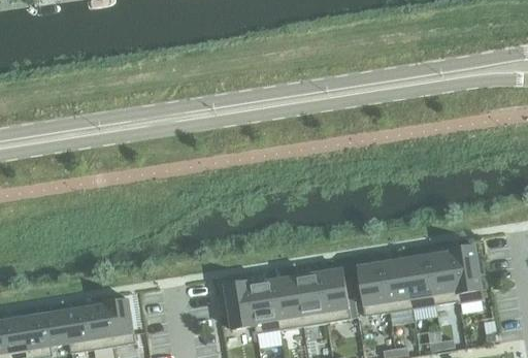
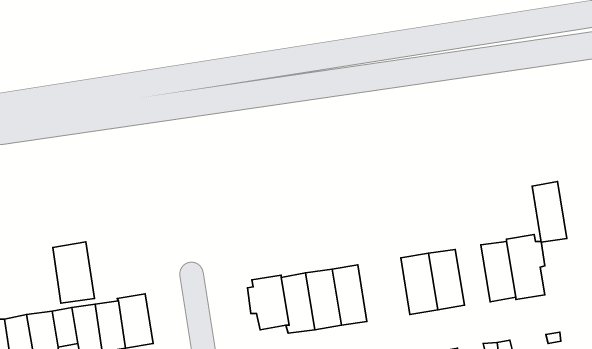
building: none -> [53,242,95,303]
building: [404,254,435,307] -> [532,182,567,242]
building: [318,267,351,322] -> none

